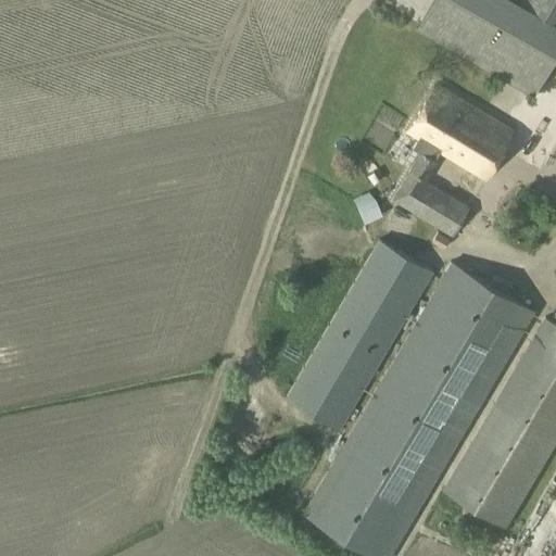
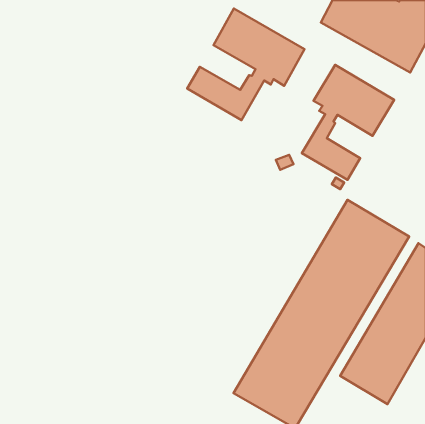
building: none -> [187,8,305,120]
building: [288,242,432,430] -> none

